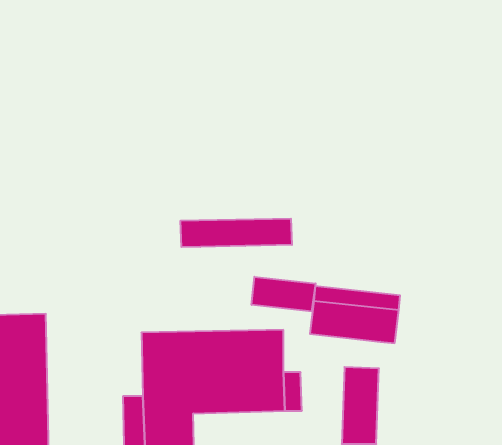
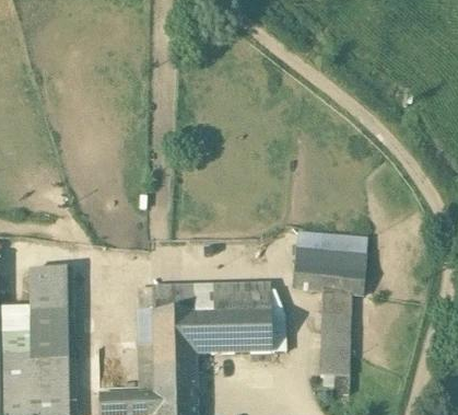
building: [181,219,292,247] -> none
building: [252,277,316,311] -> none
building: none -> [319,285,349,310]

